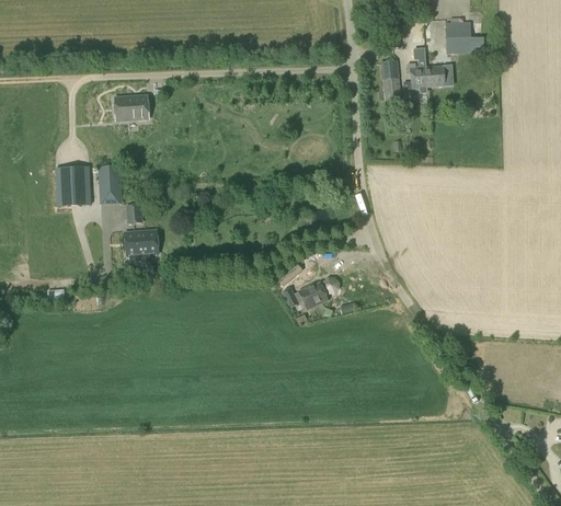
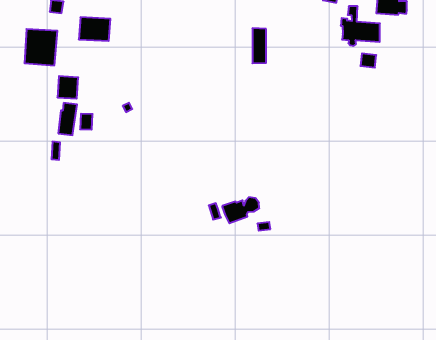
building: [381,60,401,101] -> [252,28,266,63]
building: [55,165,91,206] -> [24,29,57,65]
building: [124,228,159,256] -> none

